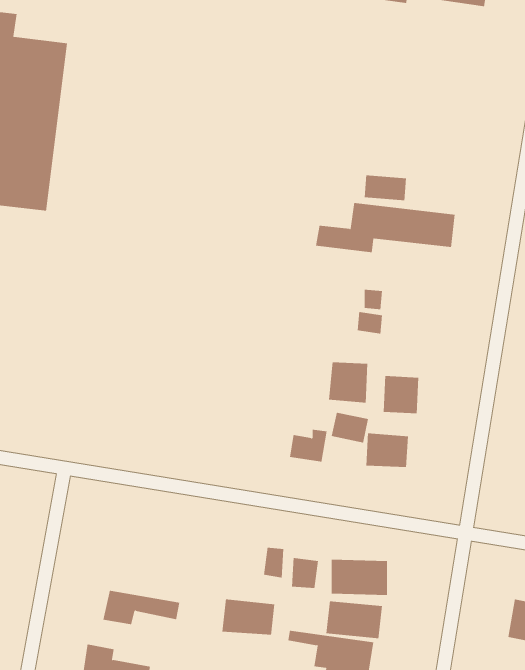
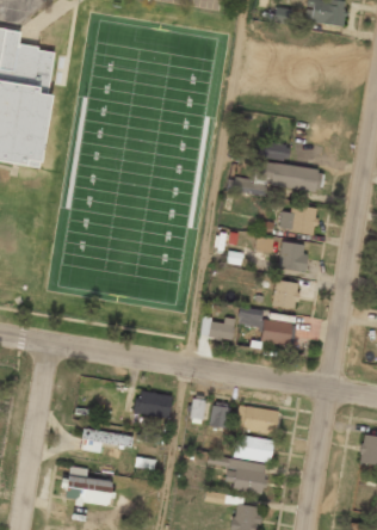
building: none -> [279,204,317,235]
building: [328,362,368,403] -> [279,242,307,271]
building: [222,599,275,635] -> [135,392,172,417]

